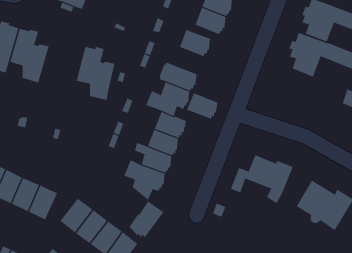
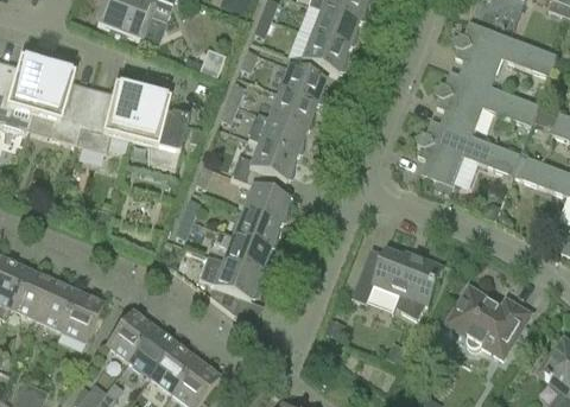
building: none -> [76,80,142,151]
building: none -> [418,119,521,193]
building: [186,93,218,120] -> [268,91,315,131]
building: [129,200,164,238] -> none

